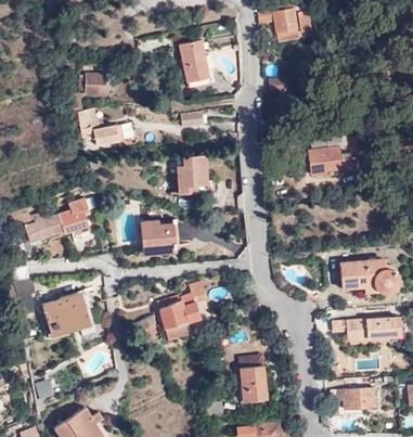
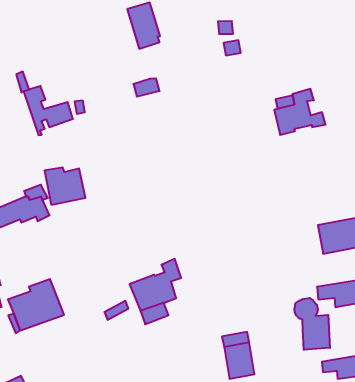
building: [85,74,108,95] -> none
building: [177,156,207,193] -> none
building: [139,221,175,255] -> [44,168,85,205]
building: none -> [294,298,330,350]

